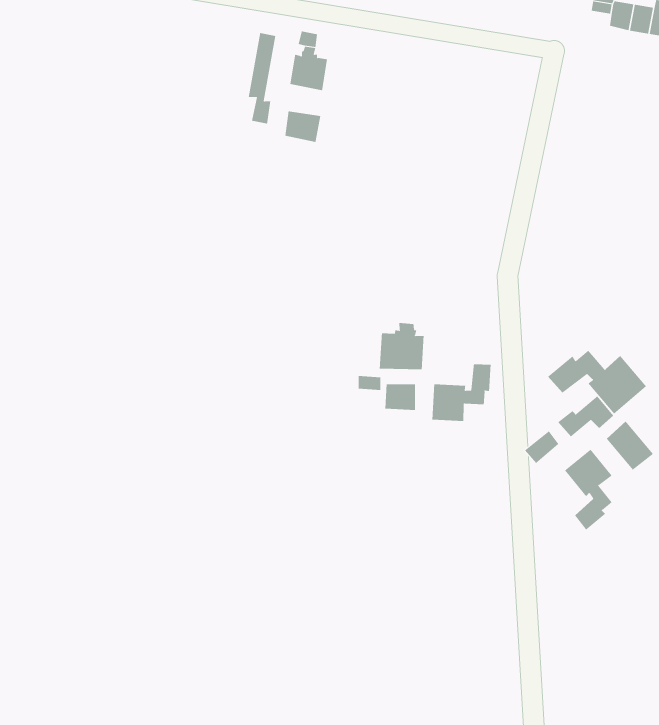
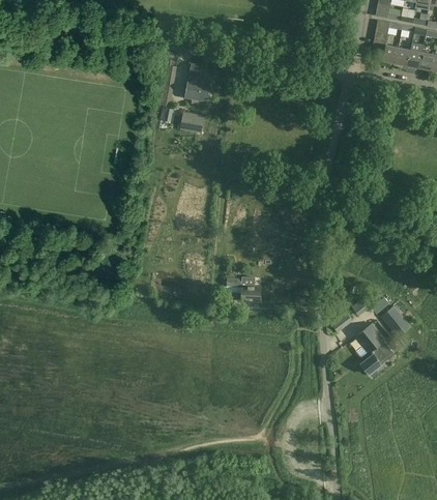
building: [379,322,424,370] -> none
building: [547,350,647,414] -> none
building: [432,364,491,422] -> none

